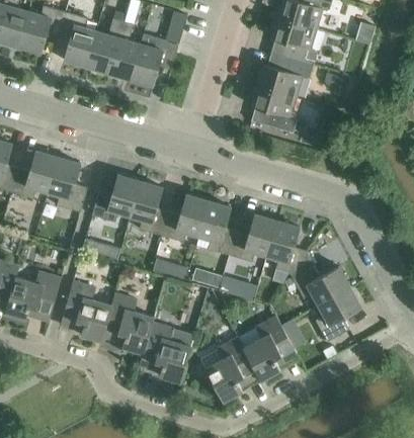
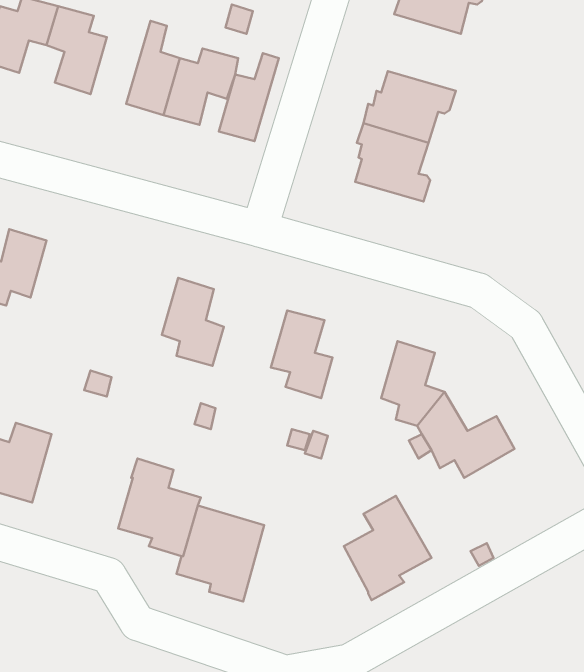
building: [271,16,317,64] -> none
building: [86,17,123,72] -> [219,53,279,141]
building: [49,157,88,211] -> none
building: [92,174,141,222] -> none
building: [162,193,209,242] -> none
building: [230,213,277,261] -> none
building: [61,280,112,341] -> none
building: [316,286,362,341] -> none
building: [205,336,259,402] -> none

